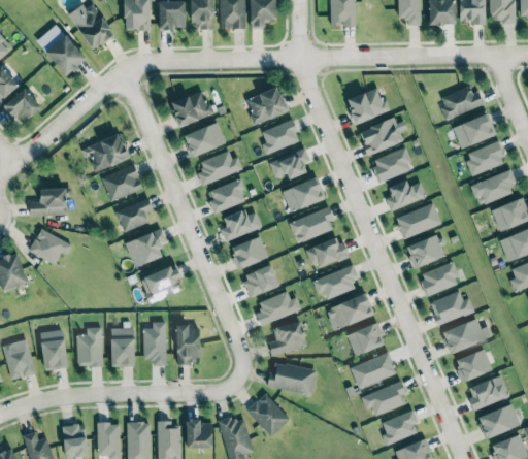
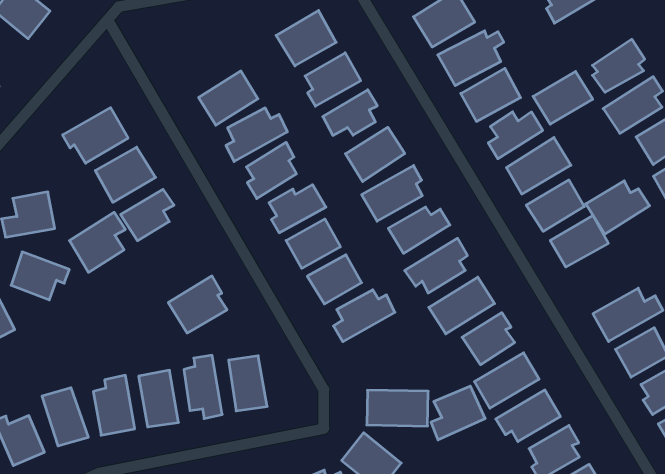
building: [171,90,213,127] -> none
building: [453,114,495,150] -> [533,71,593,124]
building: [126,228,167,268] -> [69,212,125,272]
building: [430,291,475,327] -> [586,181,650,234]
building: [269,321,308,356] -> [431,386,485,440]

